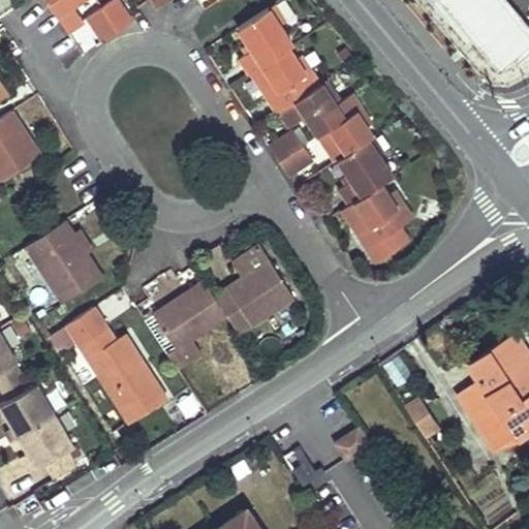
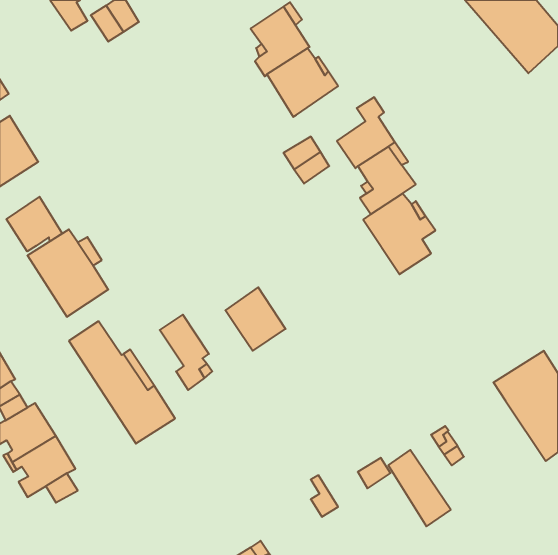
building: [280,84,345,136] -> none
building: none -> [6,197,62,251]
building: [235,244,293,314] -> none
building: [173,280,227,338] -> none
building: [457,382,516,455] -> [388,450,451,526]

